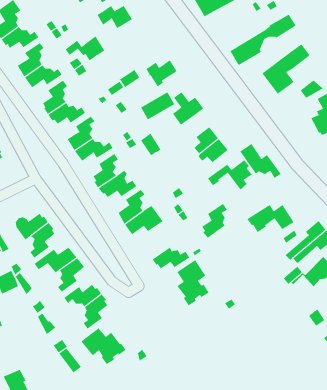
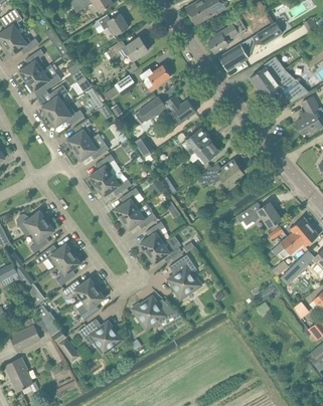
building: none -> [208,23,238,52]
building: [65,36,105,61] -> [110,35,148,59]
building: [239,143,282,179] -> none
building: [201,203,228,238] -> [140,220,165,253]
building: none -> [133,296,184,329]
building: none -> [10,325,40,350]

